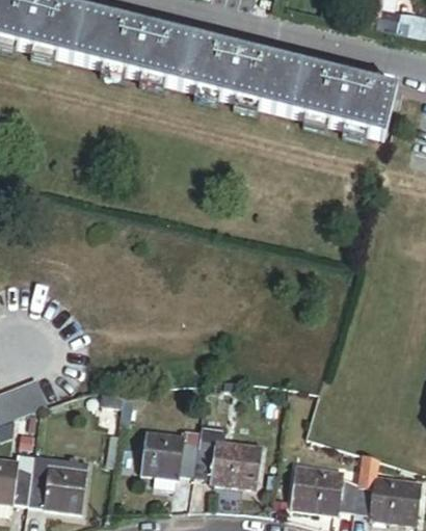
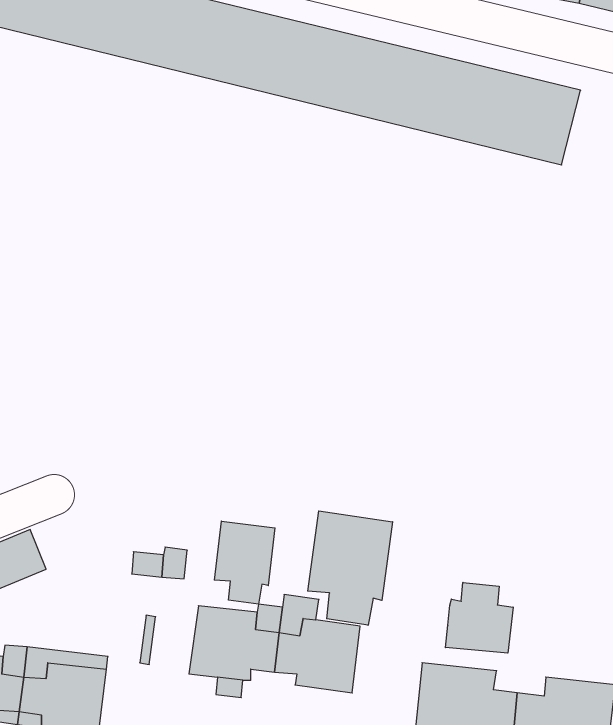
building: none -> [308,511,393,625]
building: none -> [214,521,275,604]
building: none -> [445,582,513,653]

